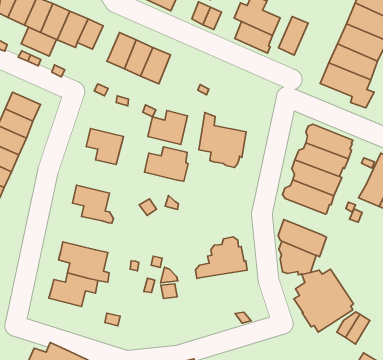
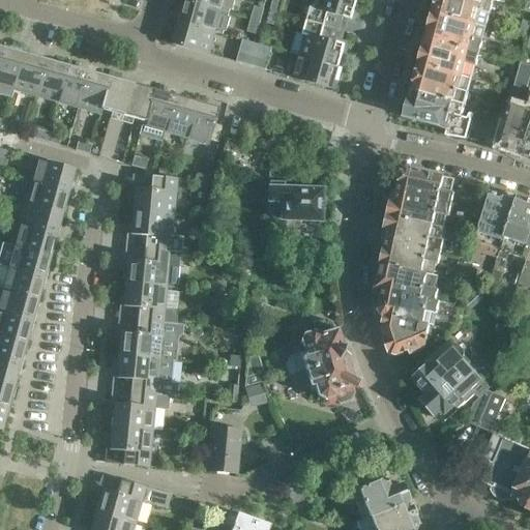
building: [278,16,308,55] -> none
building: none -> [121,83,151,119]
building: [21,27,57,56] -> [31,157,73,189]
building: [148,110,187,145] -> [132,175,177,214]
building: [144,147,188,181] -> [125,247,177,286]
building: none -> [377,262,439,300]
building: none -> [118,319,182,358]
building: none -> [293,356,355,402]
building: none -> [109,424,152,465]
building: none -> [206,426,239,471]

